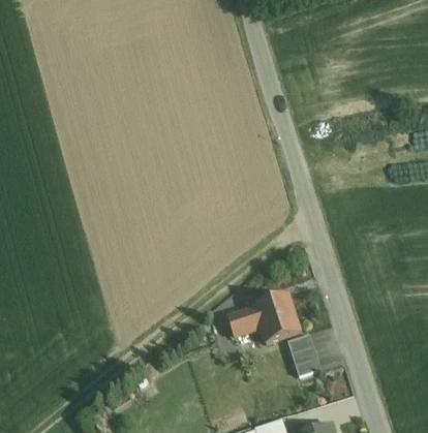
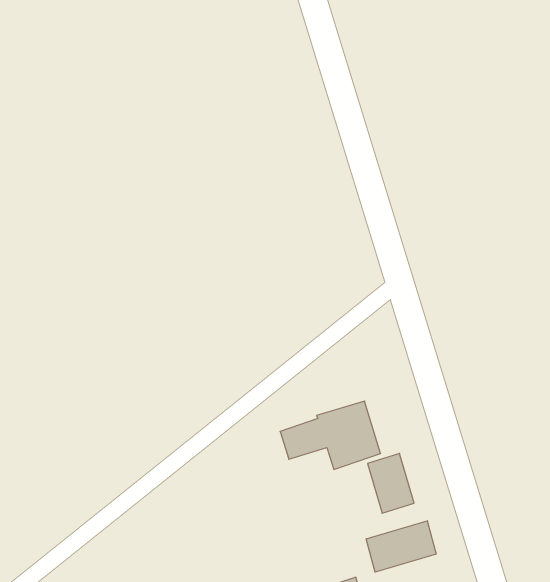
building: none -> [366,521,436,572]

